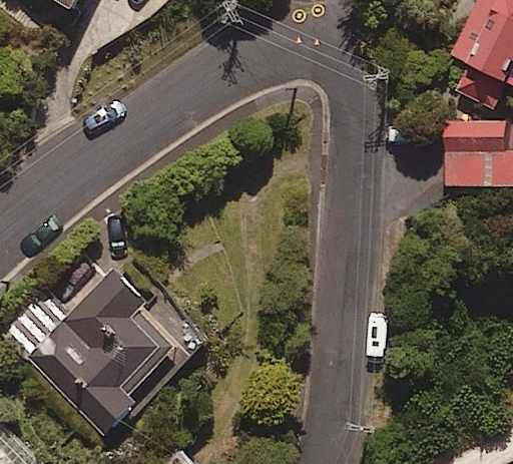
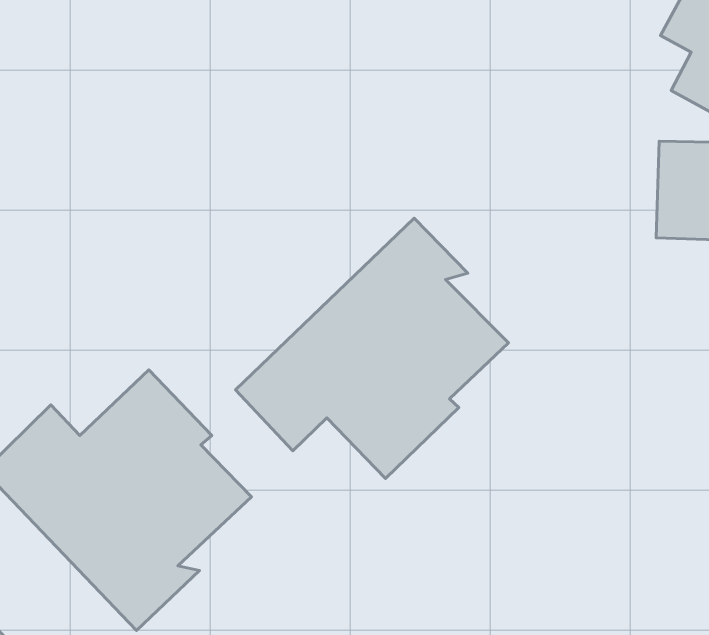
building: none -> [236,218,508,478]

